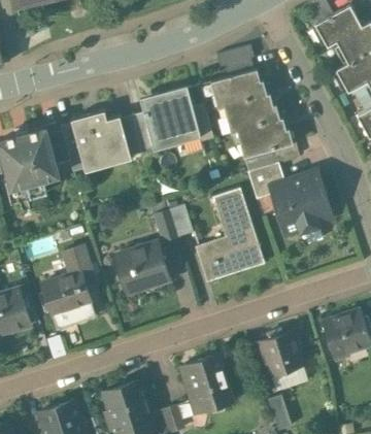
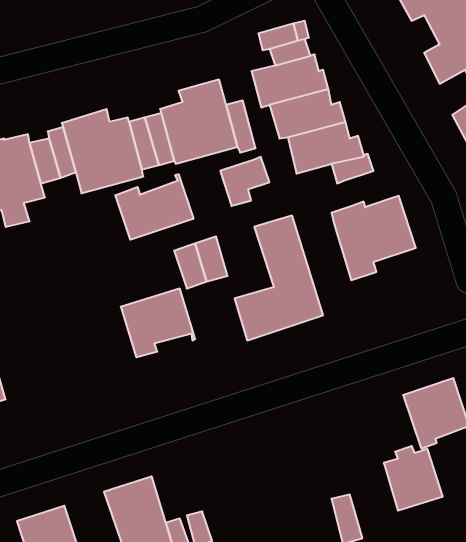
building: none -> [115,174,193,240]
building: [248,163,284,199] -> [220,157,269,206]
building: [41,245,92,311] -> none
building: [259,328,302,375] -> [384,446,443,511]
building: [180,356,232,410] -> none

